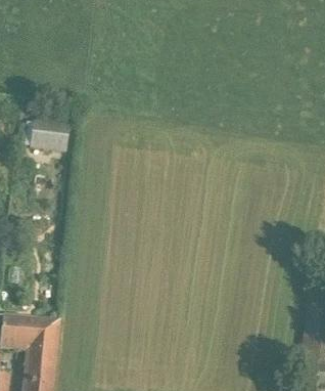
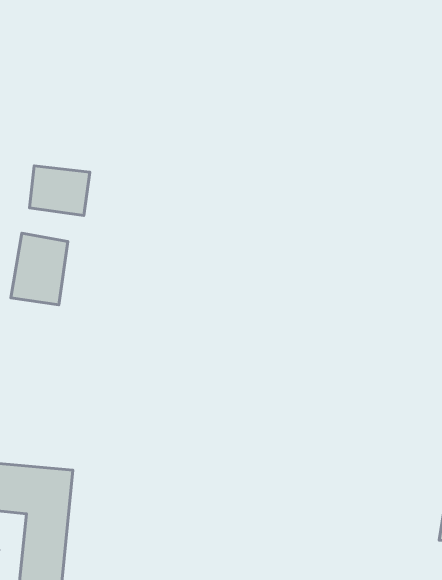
building: none -> [11,233,68,305]

